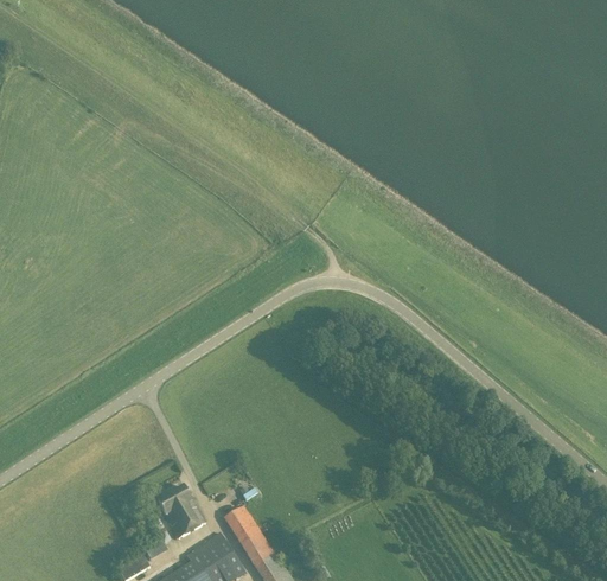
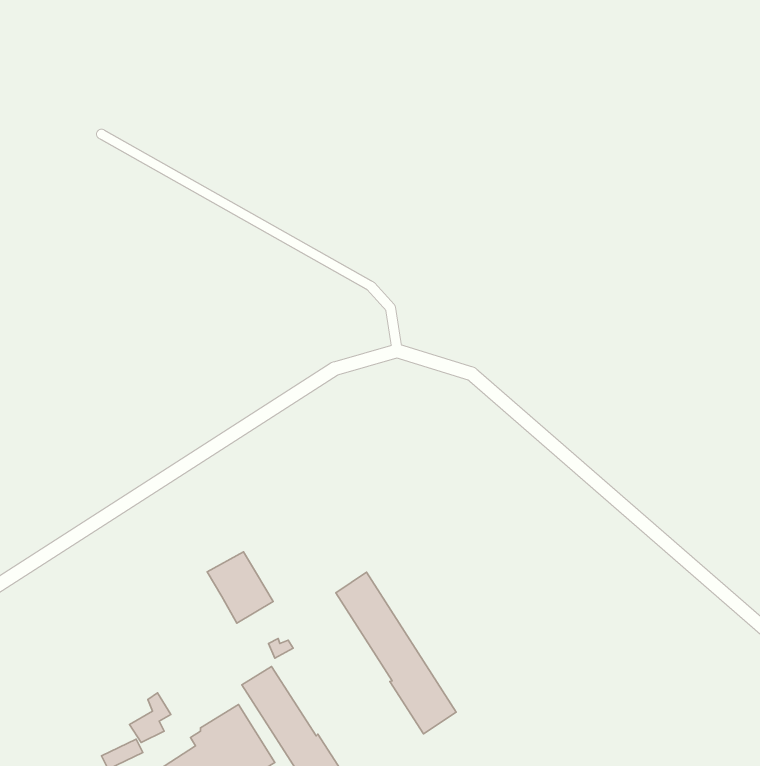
building: none -> [336,572,456,734]
building: [156,486,204,537] -> [207,552,273,623]

